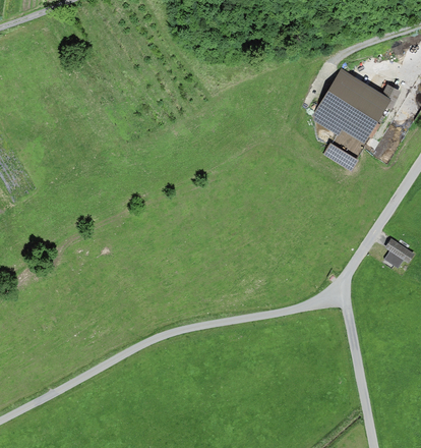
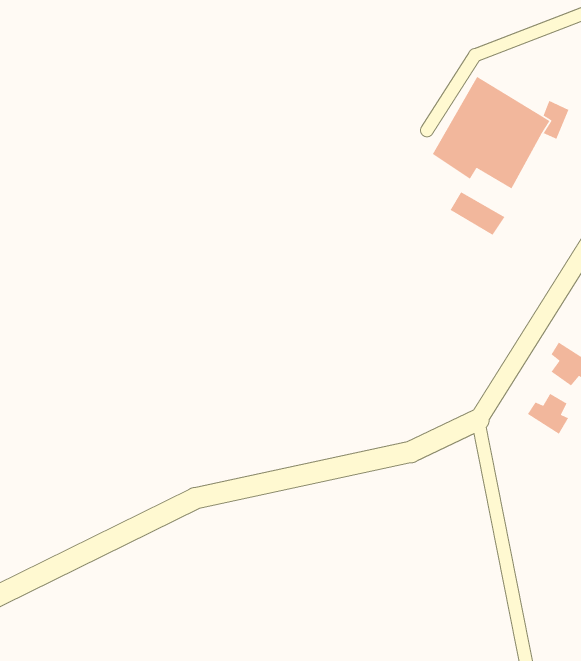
building: none -> [527,393,569,435]

